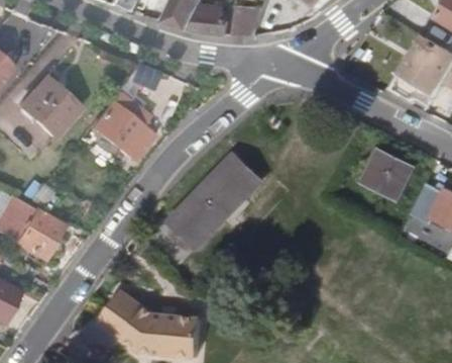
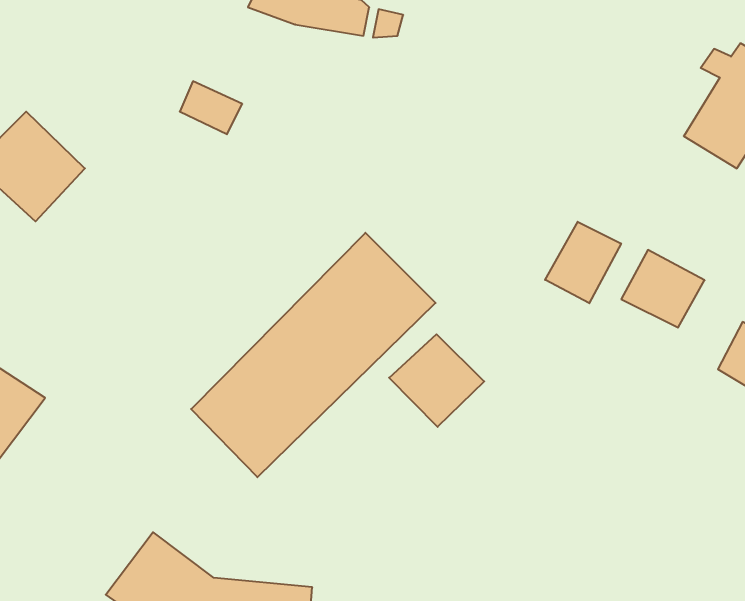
building: [93,96,147,177] -> none
building: none -> [545,222,621,303]
building: none -> [389,334,484,427]

